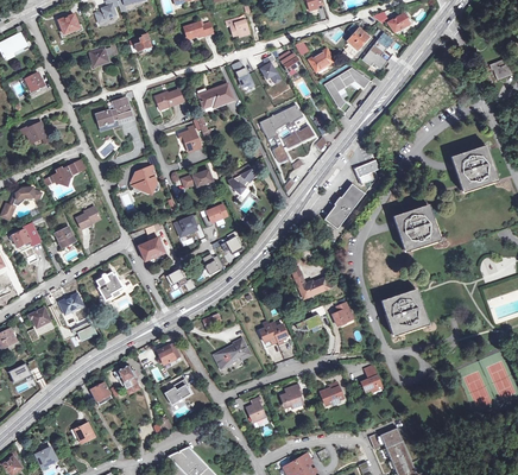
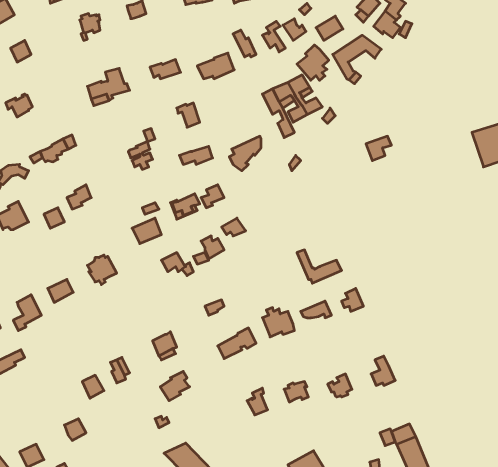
building: none -> [297,45,329,80]
building: [324,182,365,227] -> none
building: [396,207,437,248] -> none
building: [384,291,425,332] -> none

